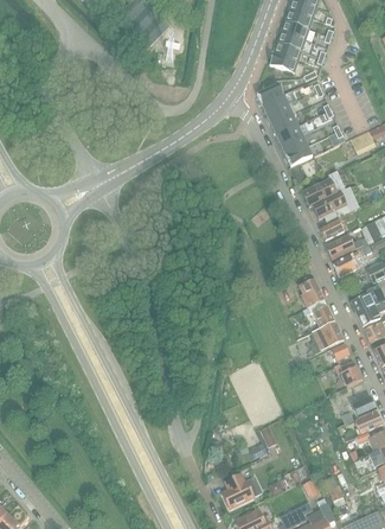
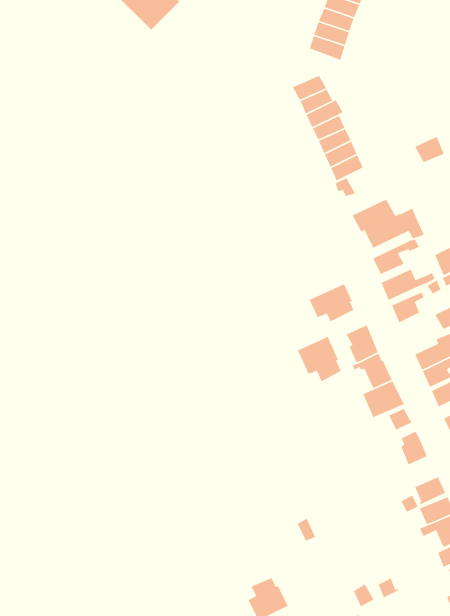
building: none -> [309,283,354,322]
building: none -> [297,336,342,382]

